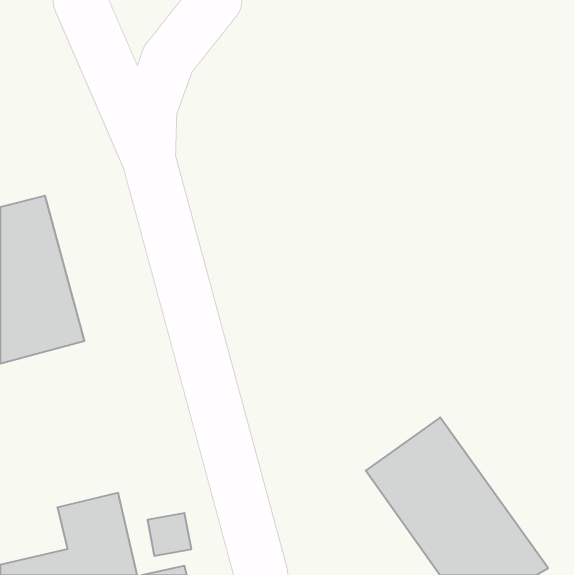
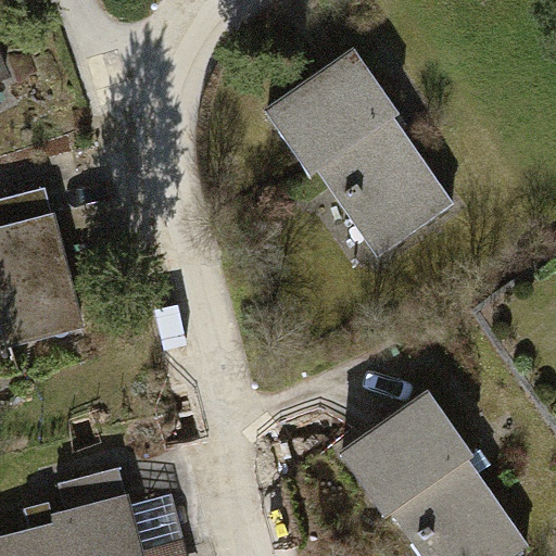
building: none -> [266,54,444,261]

